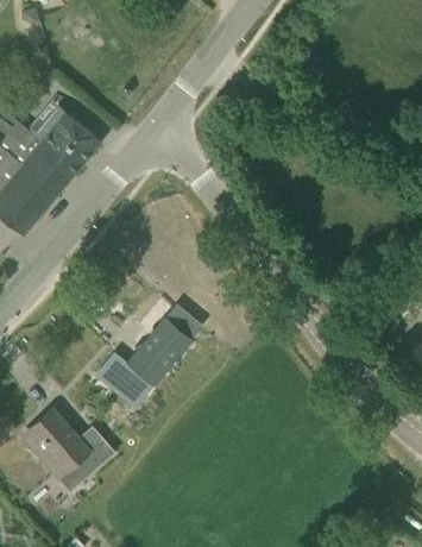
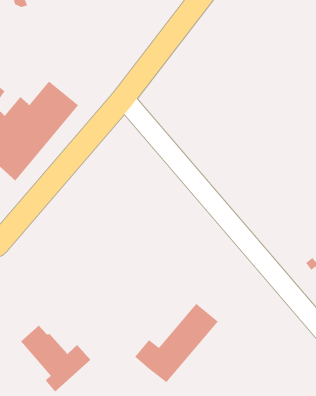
building: [95,309,197,407] -> [134,303,219,383]

